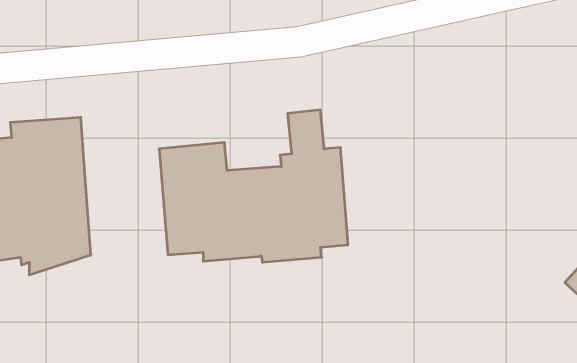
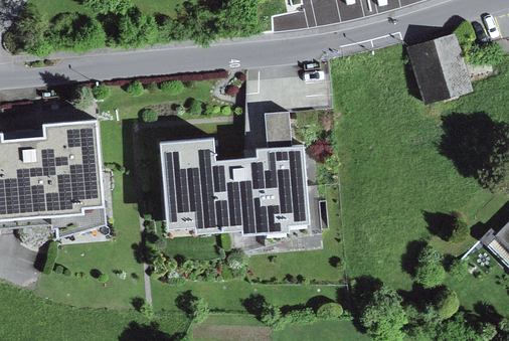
building: none -> [406,35,472,104]

